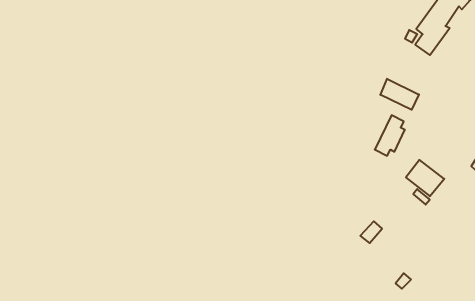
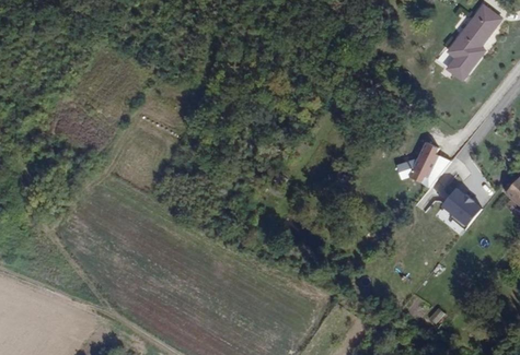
building: [380,79,419,110] -> none

